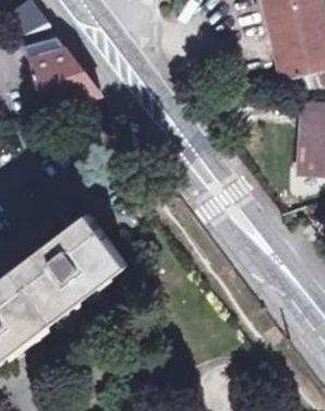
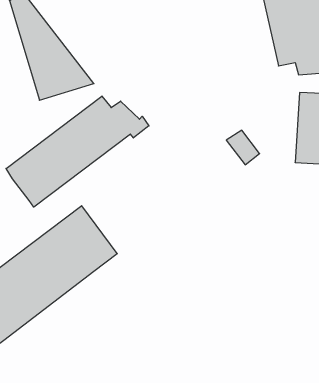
building: none -> [6,96,149,207]

